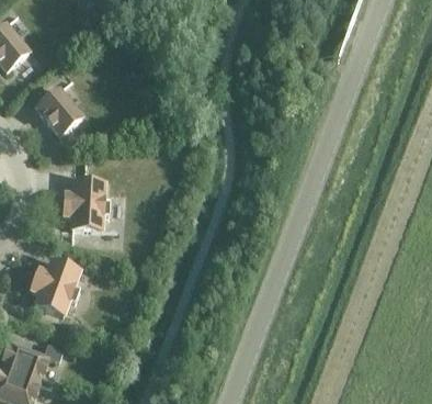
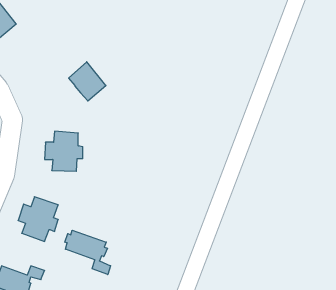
building: [36,88,81,135] -> [69,62,106,101]
building: none -> [65,230,111,275]

